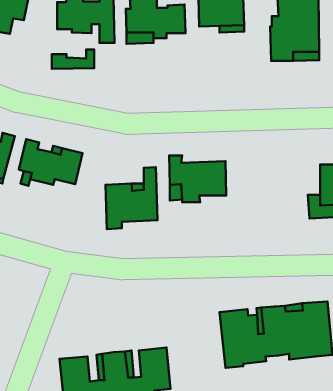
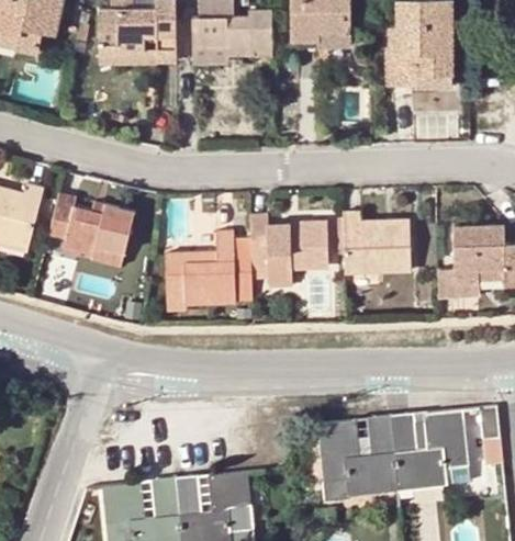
building: [52,49,94,69] -> [100,37,157,64]
building: none -> [344,210,411,271]

